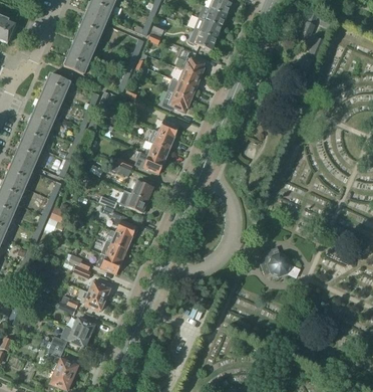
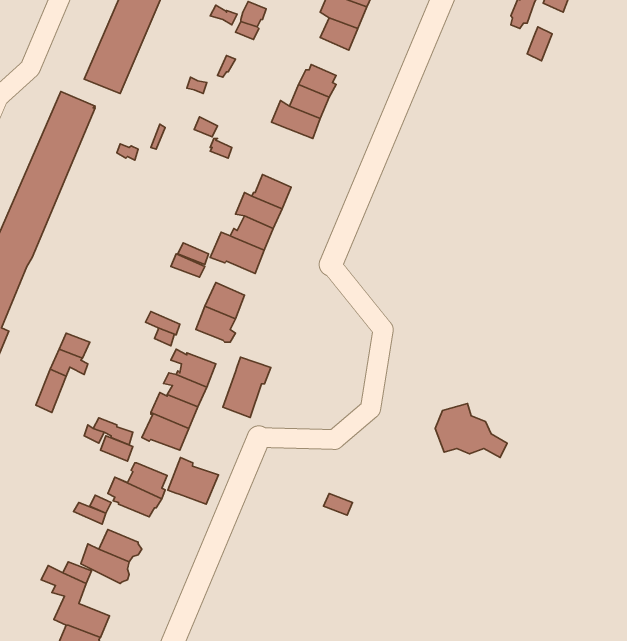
building: [161,89,192,111] -> none
building: none -> [223,357,271,418]
building: none -> [168,458,219,504]

